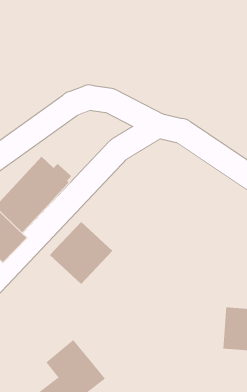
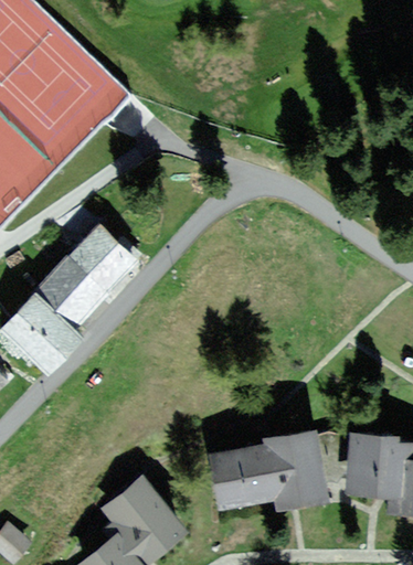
building: [49,221,113,285] -> none
building: none -> [209,429,327,509]

